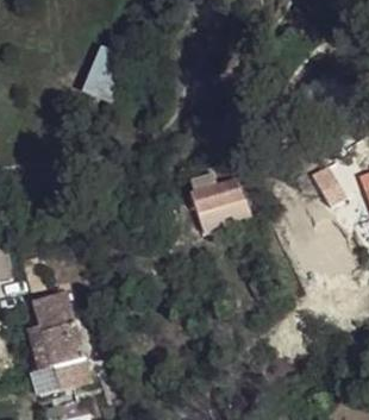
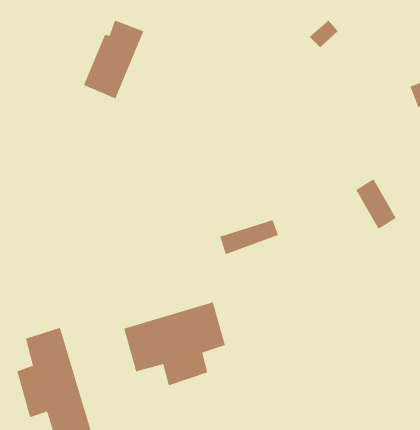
building: [190,175,243,215] -> none
building: none -> [123,301,225,386]

